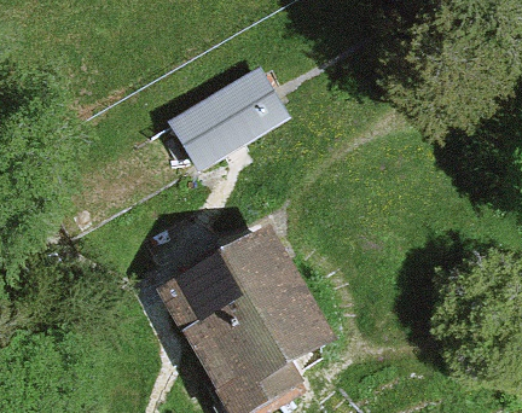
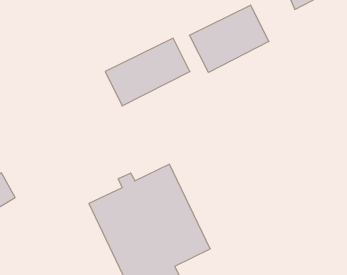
building: none -> [189,5,269,72]

